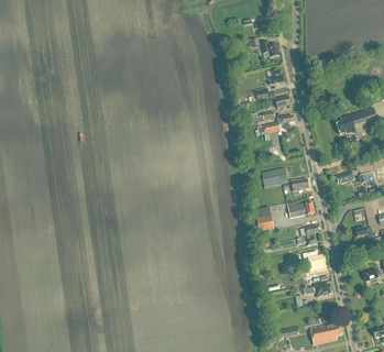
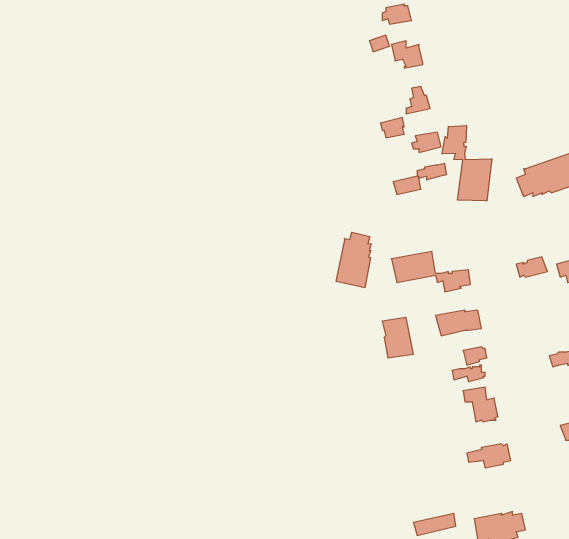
building: none -> [442,125,492,201]
building: none -> [336,232,371,288]

